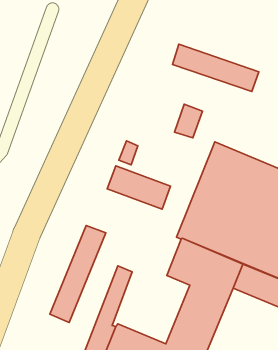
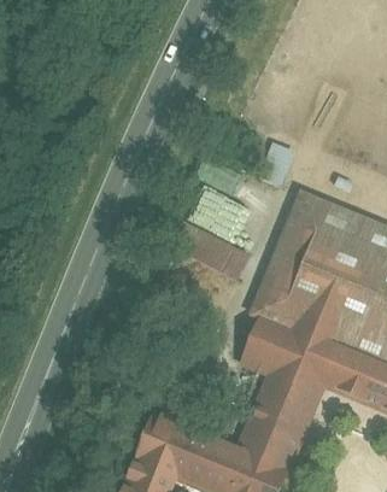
building: [173,44,259,92] -> none
building: [50,225,106,322] -> none

